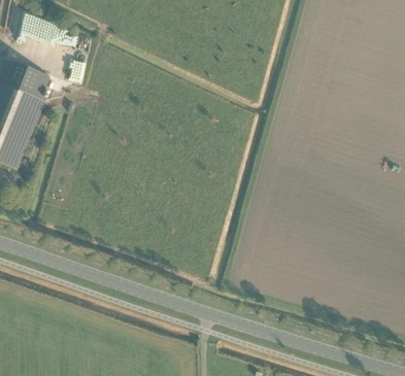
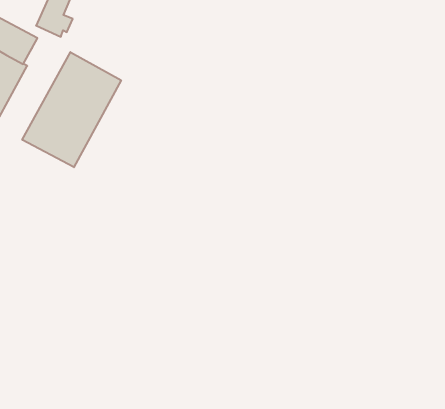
building: none -> [22,52,121,167]

